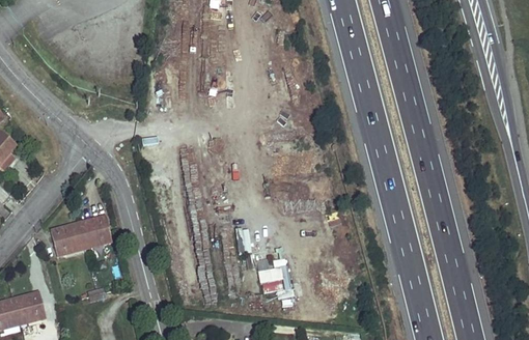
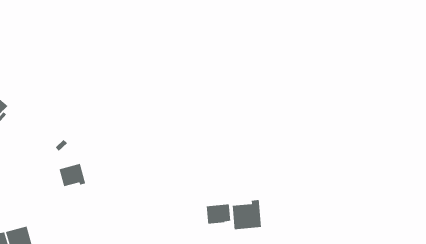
building: [51,225,84,258] -> none
building: none -> [232,199,262,230]

